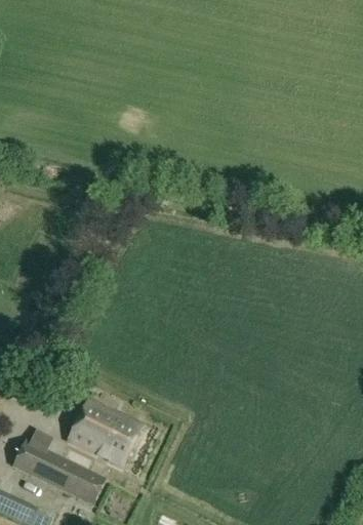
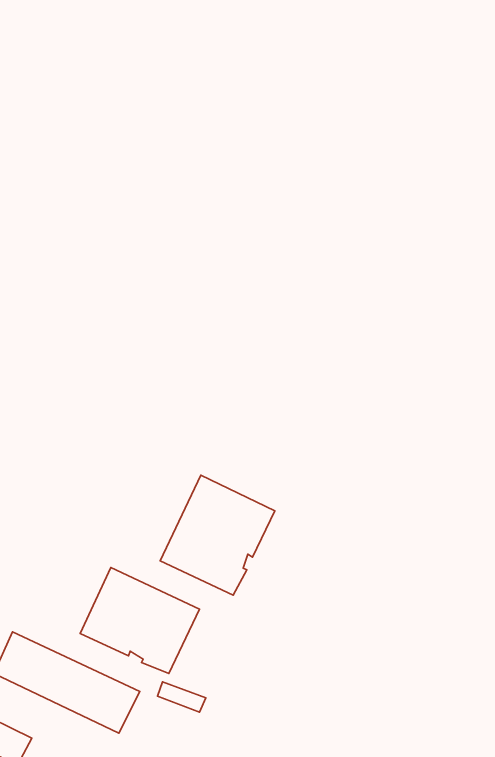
building: none -> [160,475,275,595]

